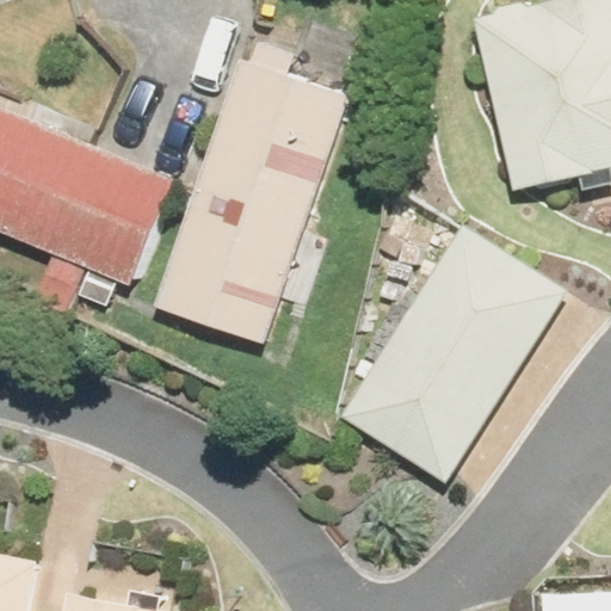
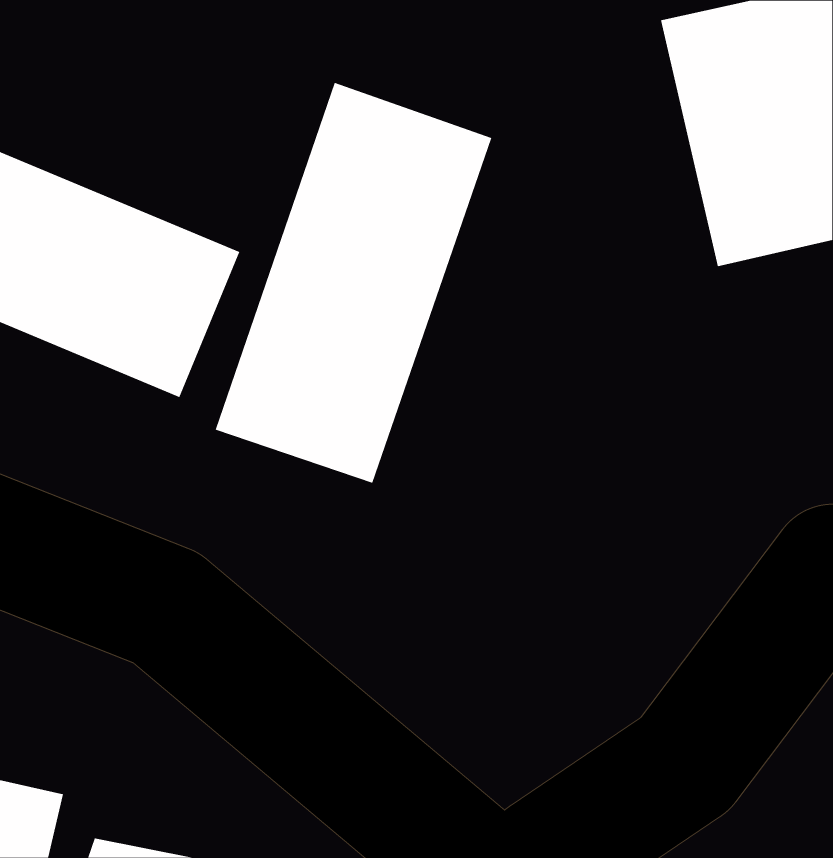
building: [347,226,572,480] -> none

